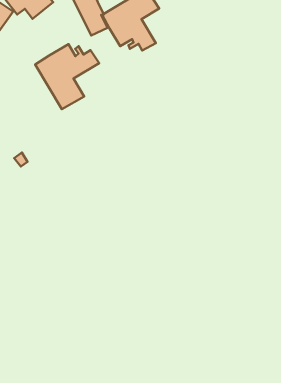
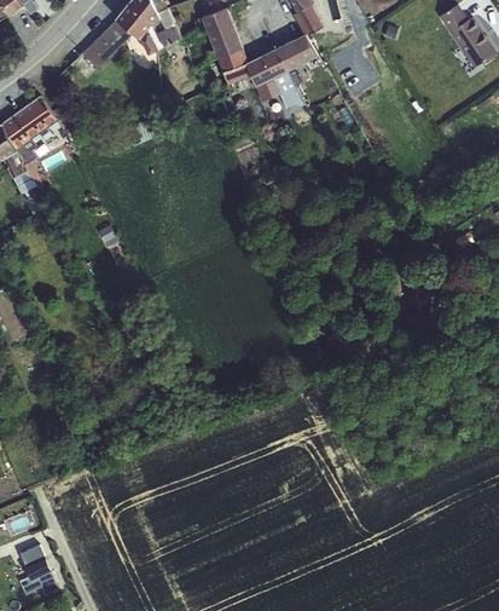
building: [35,44,99,109] -> none

